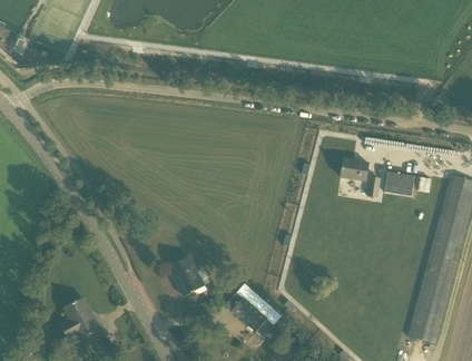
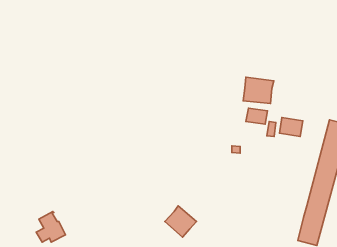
building: none -> [243,77,274,104]
building: [173,255,200,295] -> none

